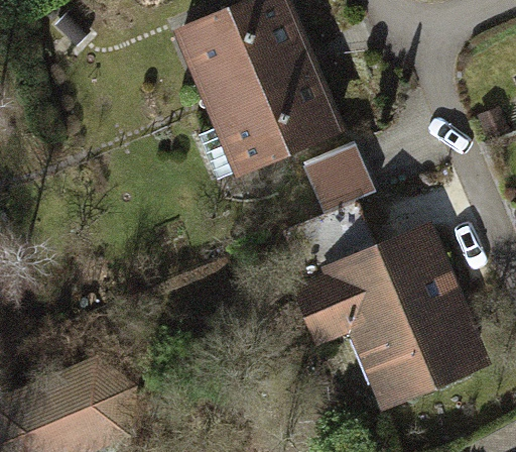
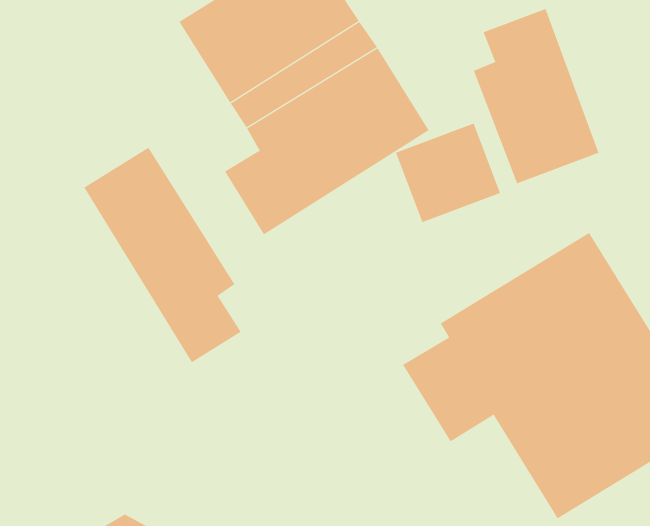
building: none -> [473,8,599,184]
building: none -> [84,147,241,363]

